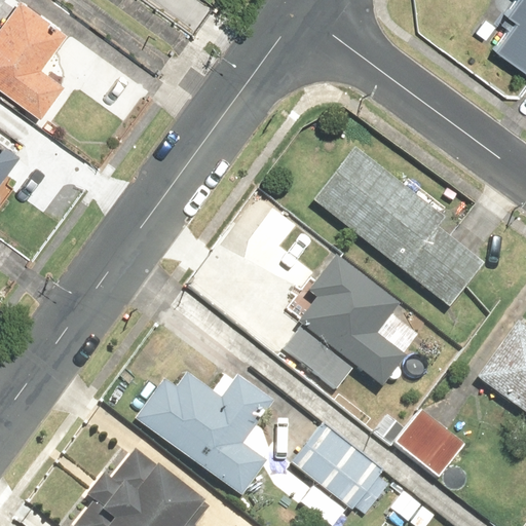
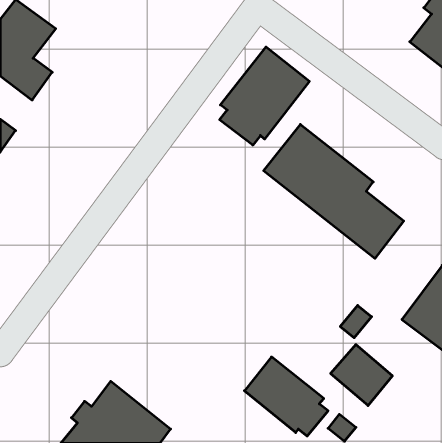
building: none -> [220,47,309,145]
building: [286,251,406,388] -> none
building: [135,368,275,497] -> none

